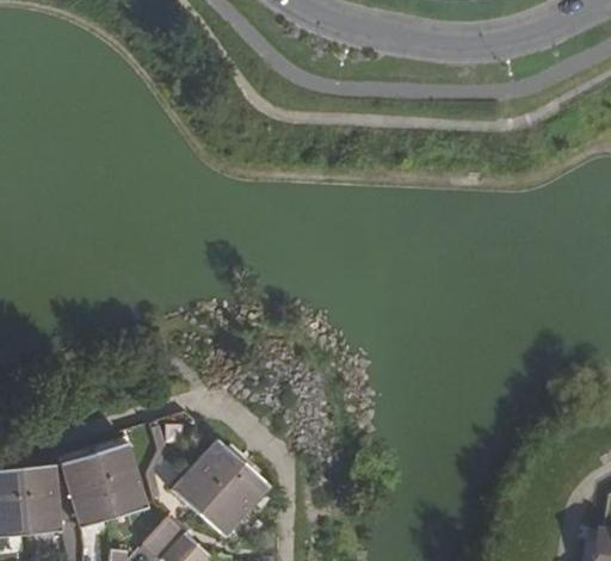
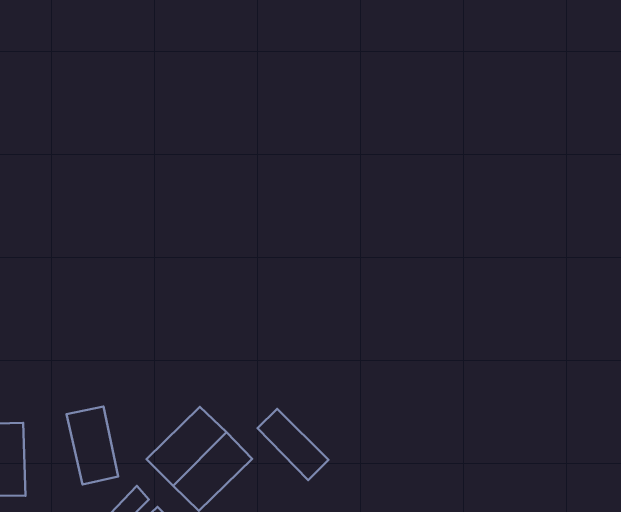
building: none -> [257,409,328,480]
building: [64,455,113,528] -> none

